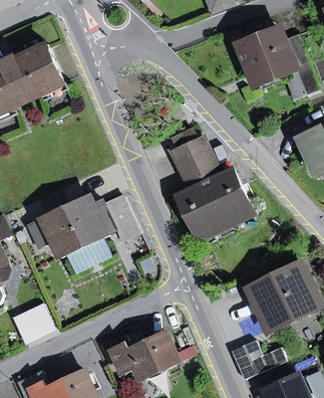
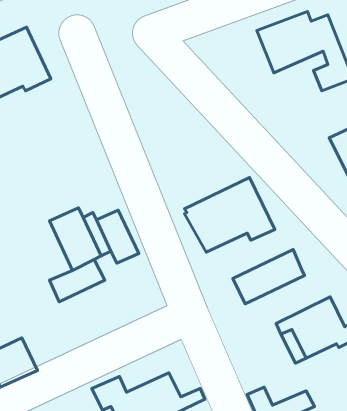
building: [172,137,216,180] -> none
building: [28,205,84,257] -> none
building: none -> [233,250,304,304]

